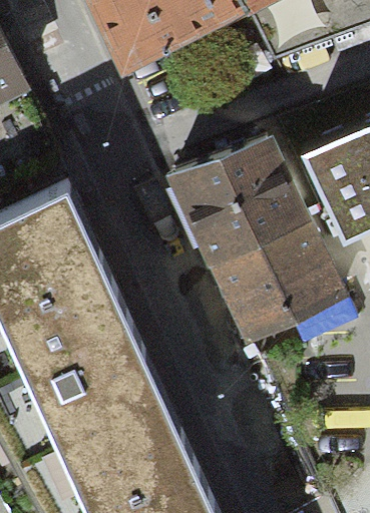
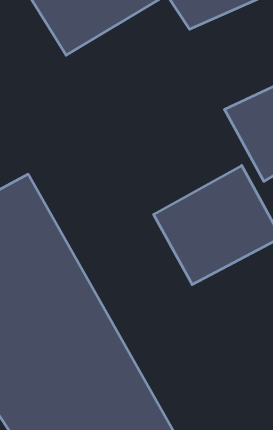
building: [170,128,312,260] -> none

